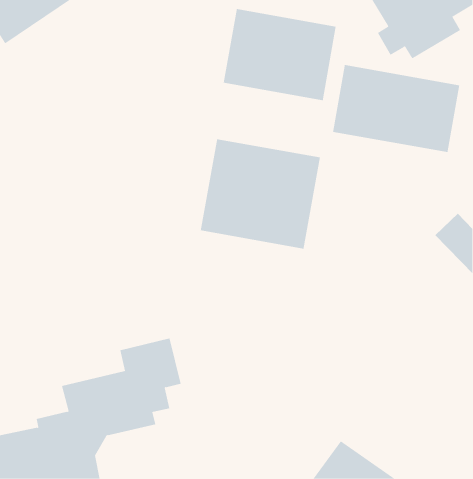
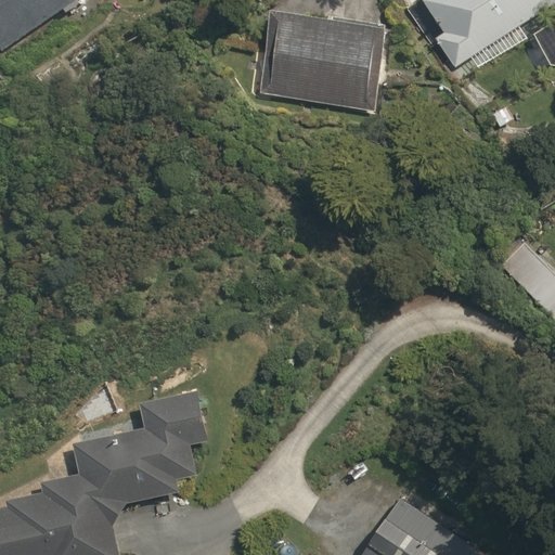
building: [332,64,460,153] -> none
building: [200,139,320,249] -> none

